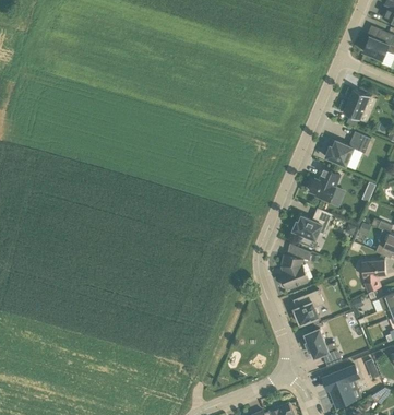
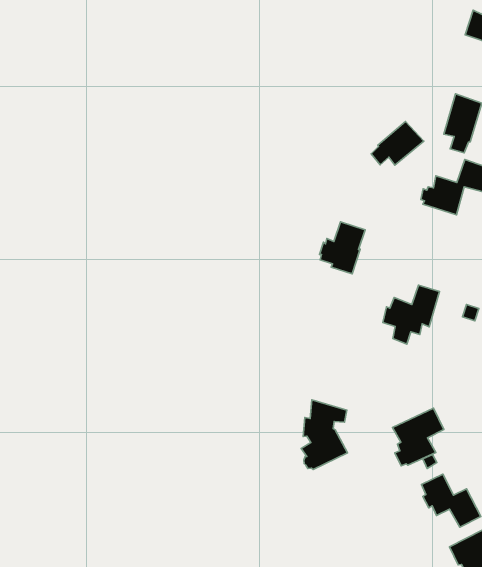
building: none -> [371,122,424,165]
building: [309,168,339,202] -> [320,222,365,274]
building: [279,244,311,288] -> [301,400,347,470]

